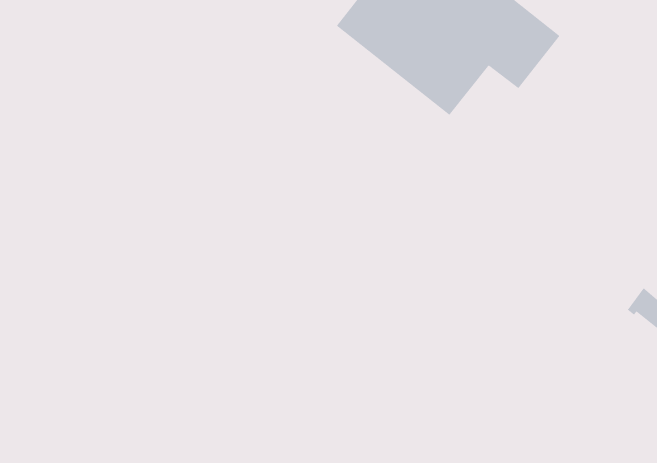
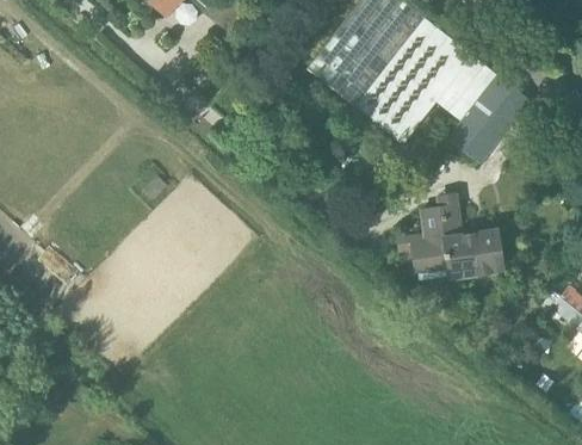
building: none -> [452,76,527,160]
building: none -> [401,206,506,277]

